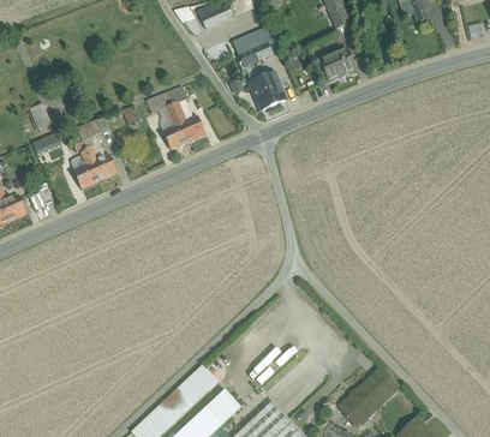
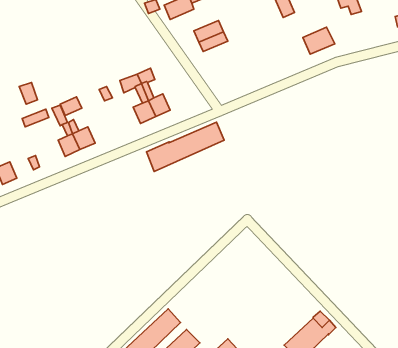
building: [319,48,357,79] -> [303,27,335,54]
building: [251,72,286,109] -> none
building: none -> [146,122,224,171]

